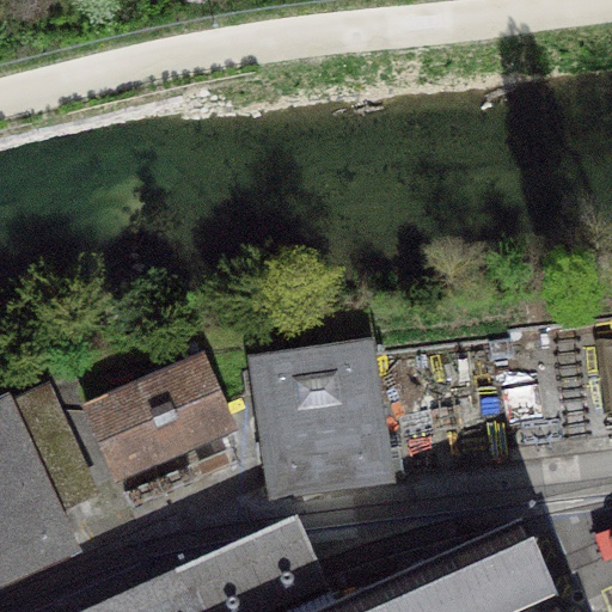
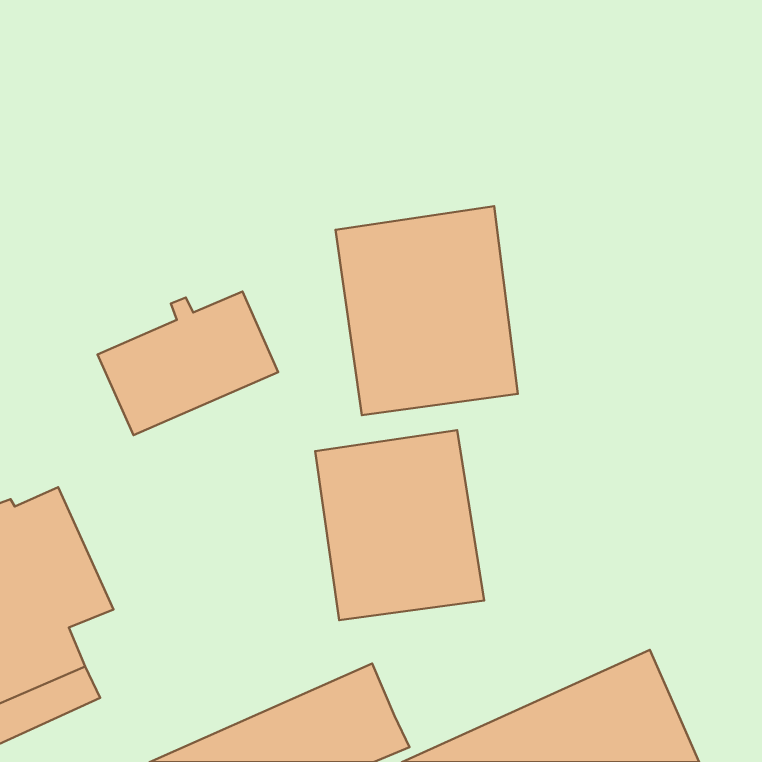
building: none -> [336,206,518,415]
building: [85,361,230,476] -> [98,292,278,435]

